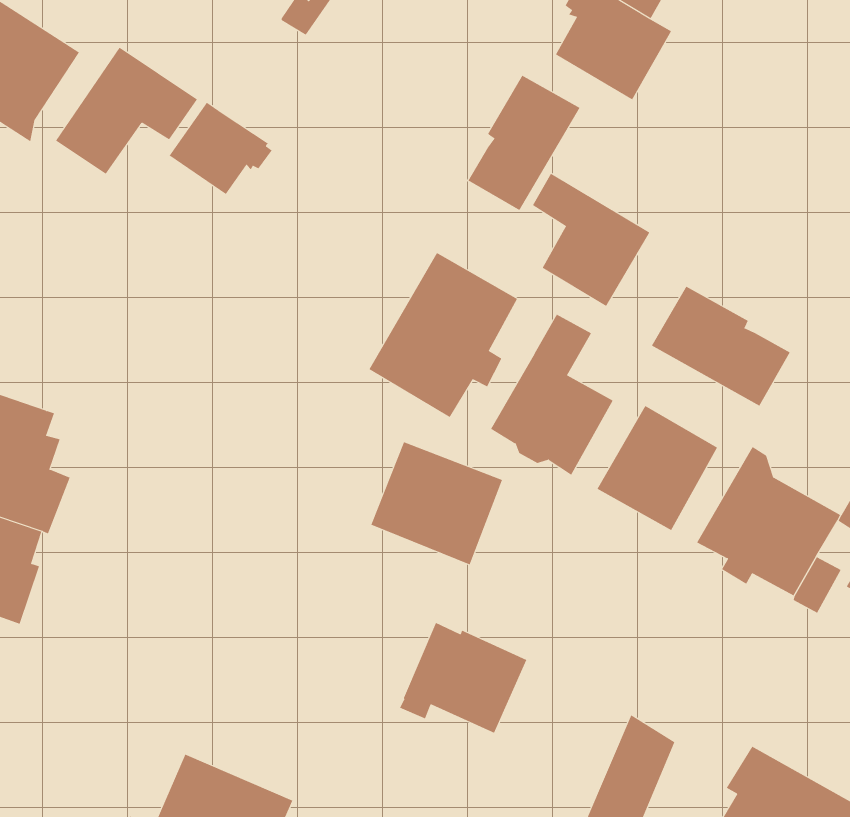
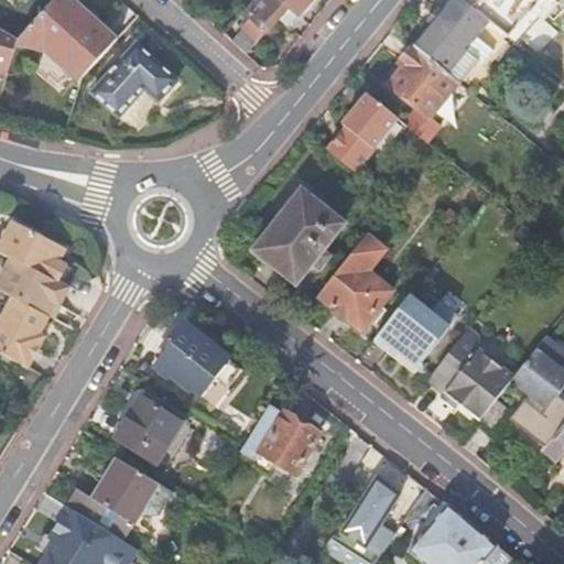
building: [169,102,272,195] -> none
building: [532,173,650,307] -> none
building: [651,286,791,407] -> none
building: [371,442,503,565] -> [155,319,236,397]
building: none -> [112,398,181,465]

